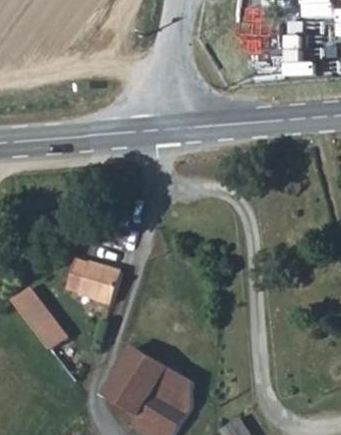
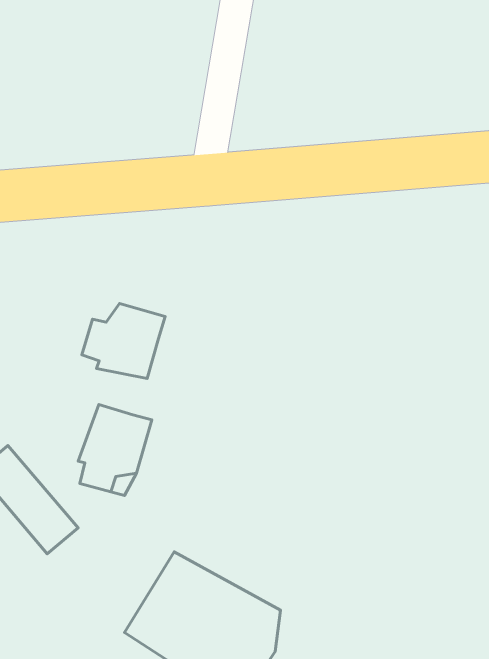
building: none -> [82,303,165,378]

